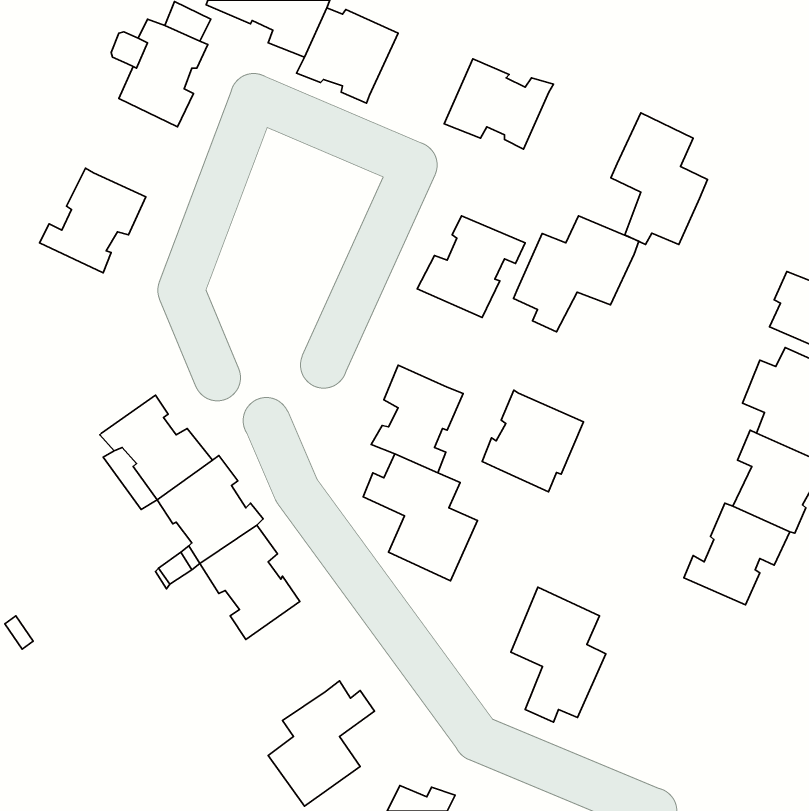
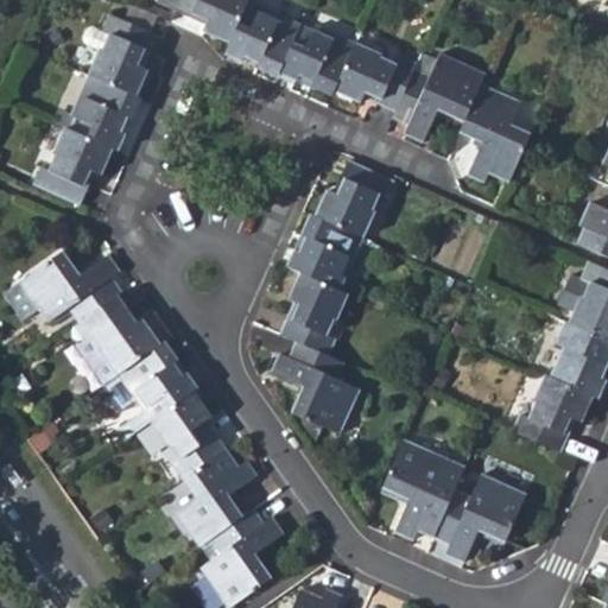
building: none -> [278,25,355,96]
building: none -> [71,74,134,150]
building: [514,216,639,332] -> [391,56,484,142]
building: none -> [19,253,122,324]
building: [482,390,584,492] -> [286,214,362,290]
building: none -> [176,450,255,547]
building: none -> [433,474,526,562]

